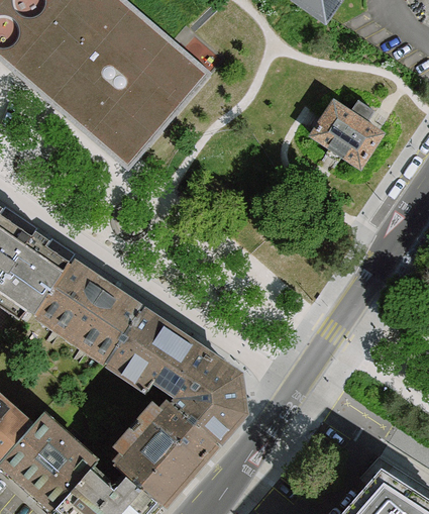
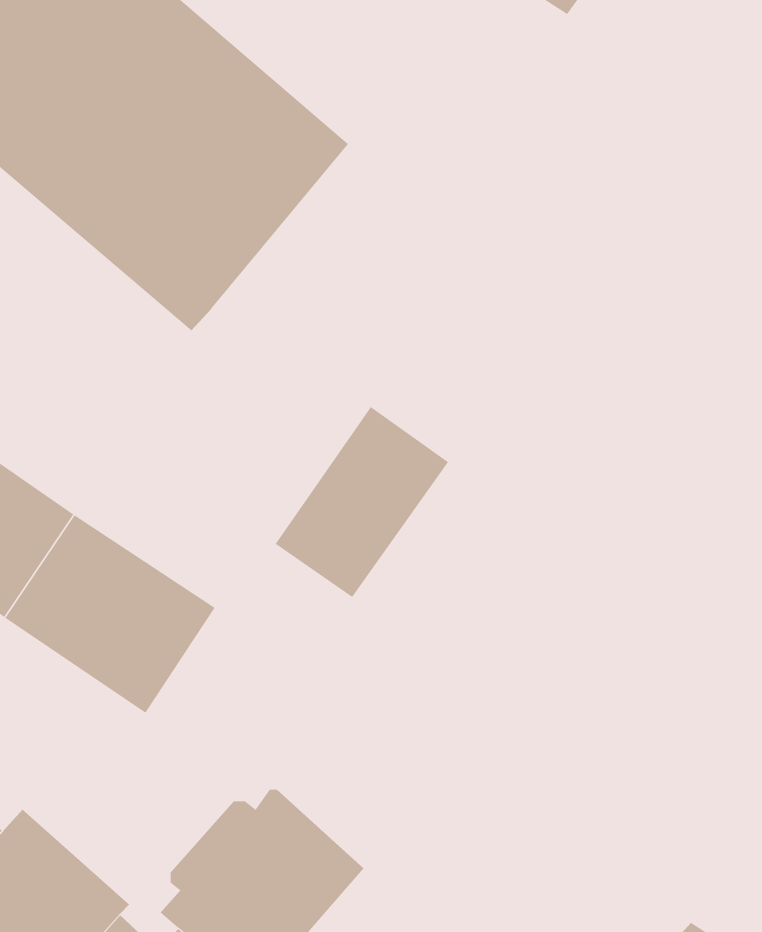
building: [308,98,383,167] -> none
building: none -> [275,406,449,598]
building: [105,309,242,441] -> none

